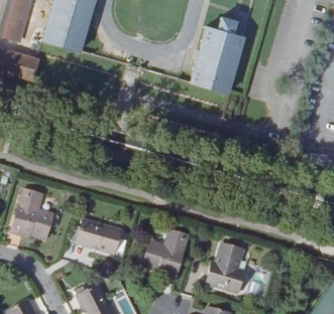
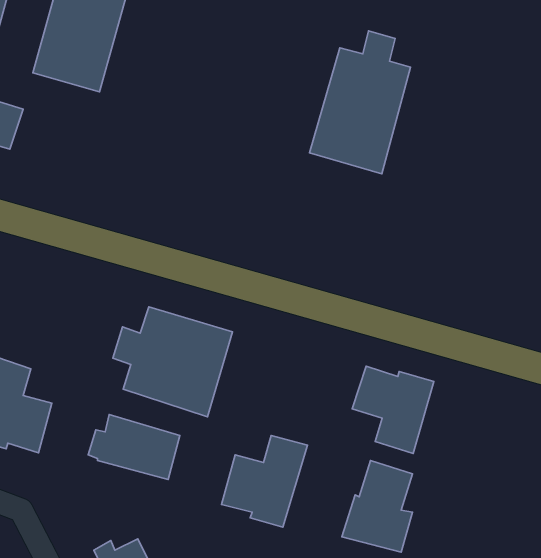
building: none -> [113,307,233,417]
building: none -> [352,366,434,453]

